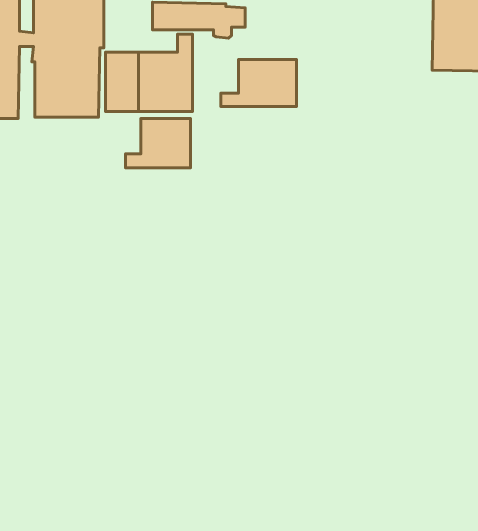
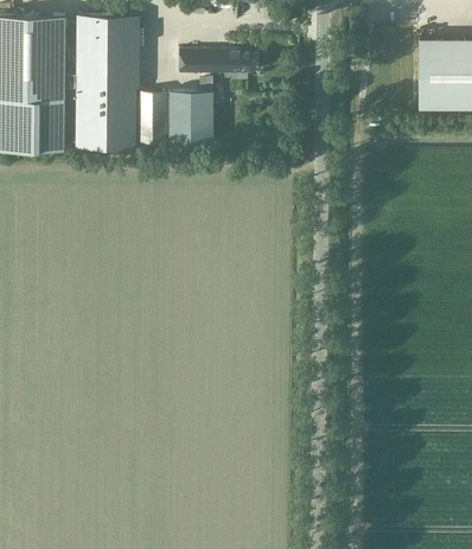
building: [221,60,296,106] -> none
building: [126,118,190,168] -> none

